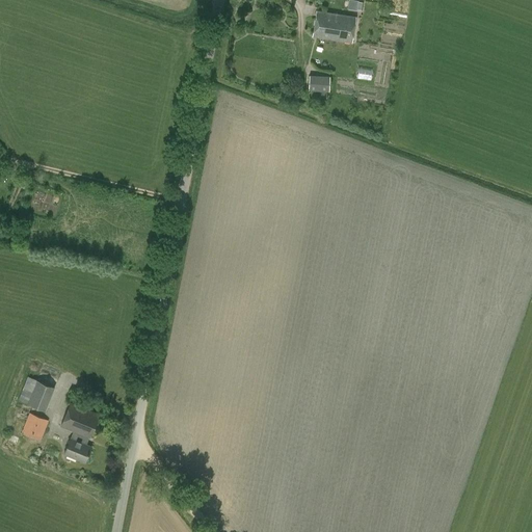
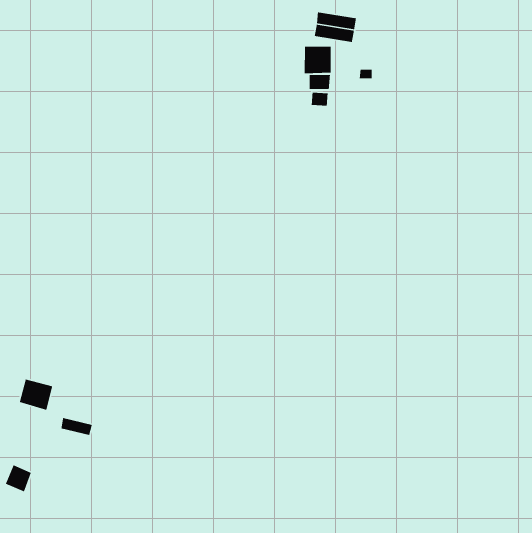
building: none -> [304,46,331,74]
building: [22,413,49,441] -> [5,464,32,492]
building: [64,438,92,462] -> none

